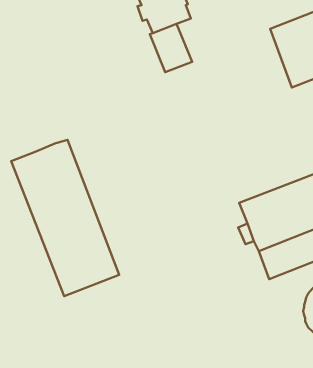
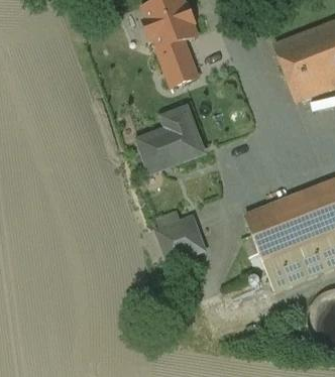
building: none -> [138,109,203,171]
building: [11,140,119,296] -> none
building: none -> [156,212,204,261]

